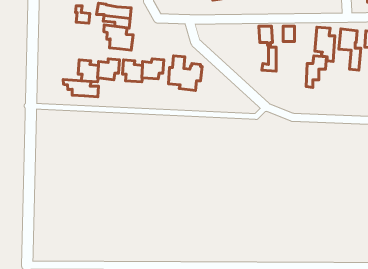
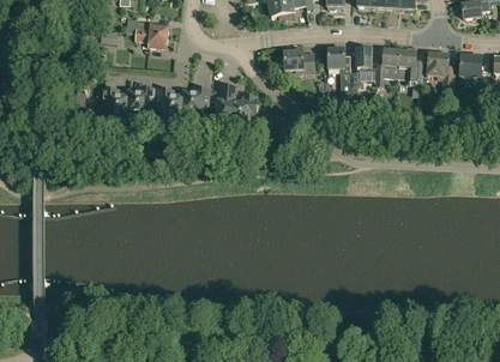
building: [104,25,133,50] -> none
building: none -> [283,50,314,73]
building: [306,56,326,87] -> [374,48,399,88]
building: [63,80,99,97] -> none

